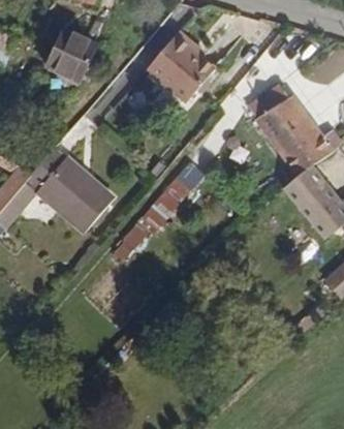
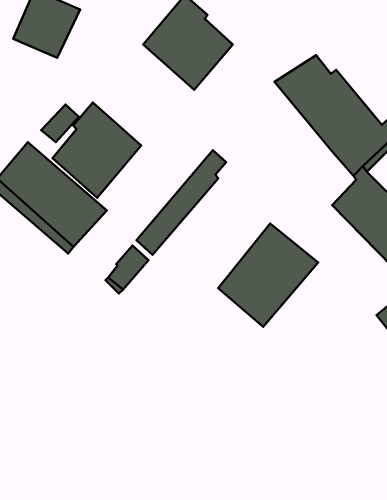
building: none -> [52,102,141,198]
building: none -> [218,224,318,327]

